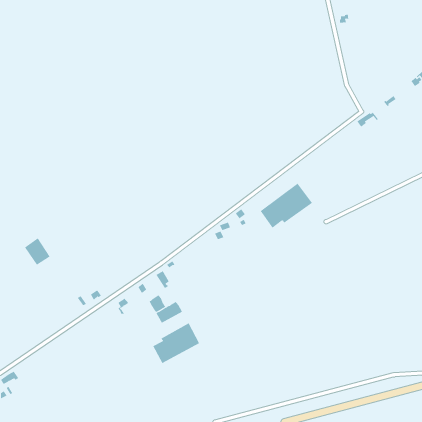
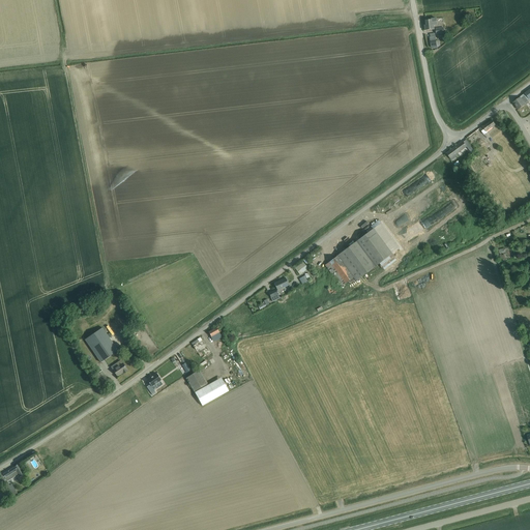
building: [24,237,51,266] -> [86,326,119,361]
building: [152,323,200,364] -> none

